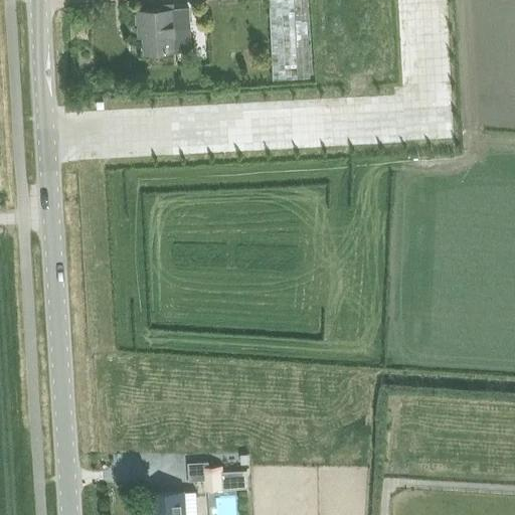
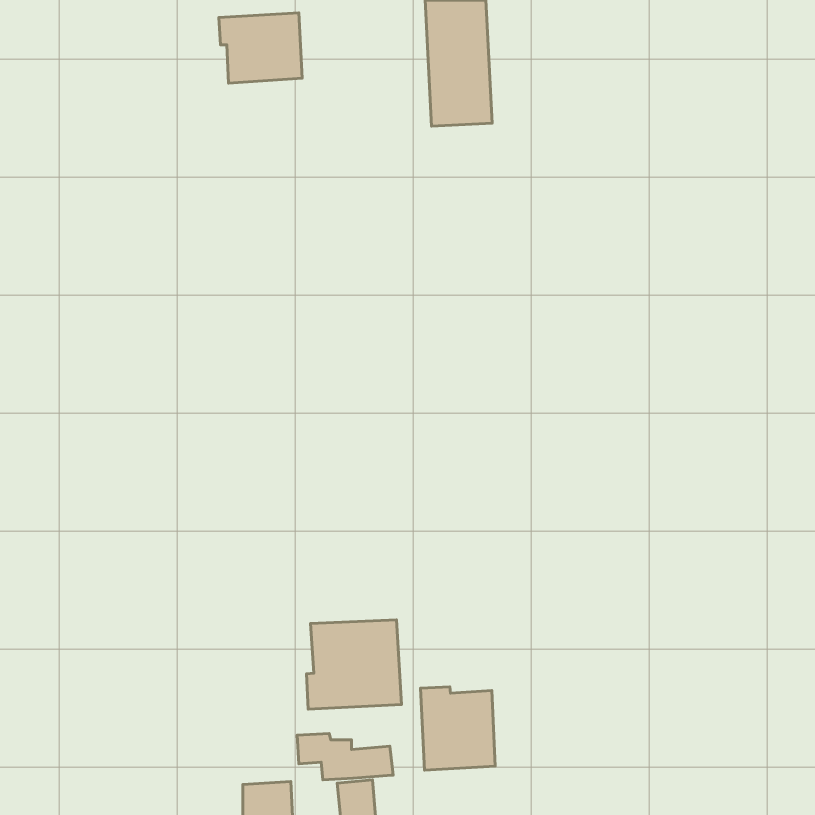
building: none -> [306,620,402,709]
building: none -> [420,687,495,770]

